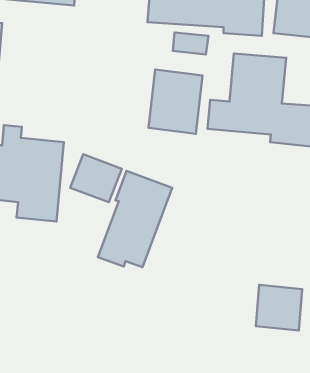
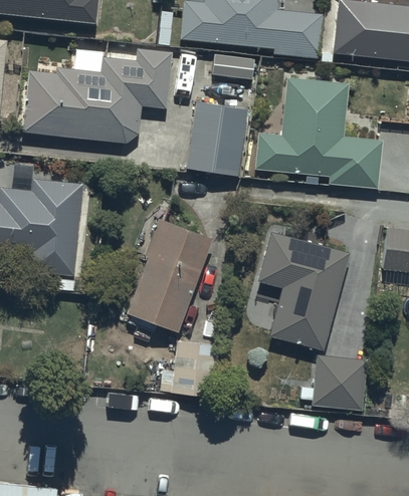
building: none -> [22,46,173,143]
building: [70,154,122,202] -> none
building: none -> [257,231,350,348]

